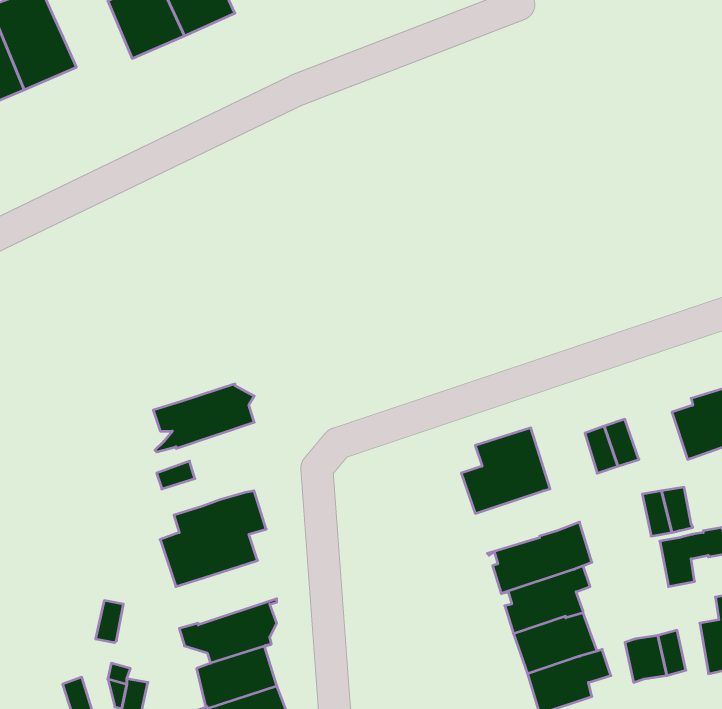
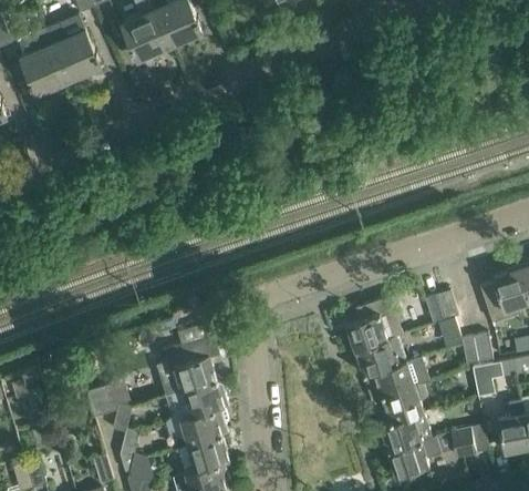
building: [153,384,254,452] -> [165,380,229,423]
building: none -> [355,336,407,376]
building: none -> [87,386,120,418]

